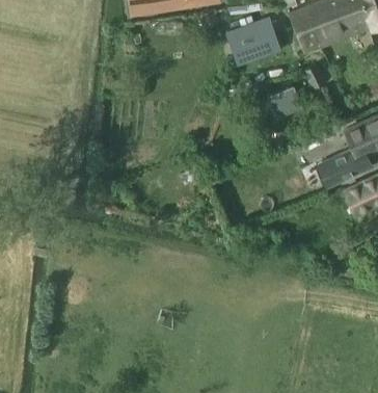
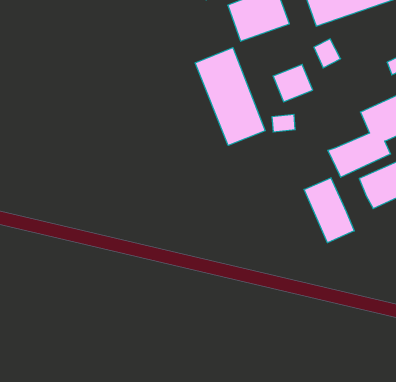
building: none -> [195,48,265,145]
building: none -> [304,178,354,243]

